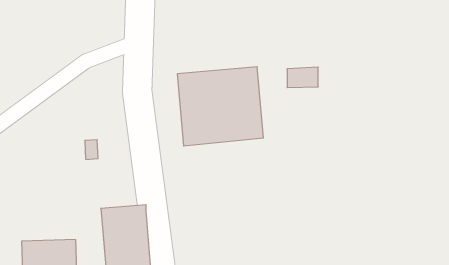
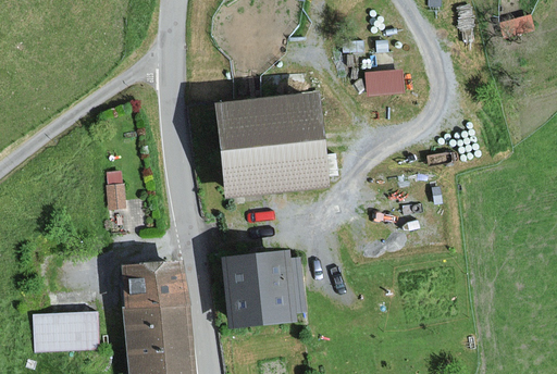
building: [287,67,318,88] -> [363,66,401,91]
building: none -> [225,252,294,325]

